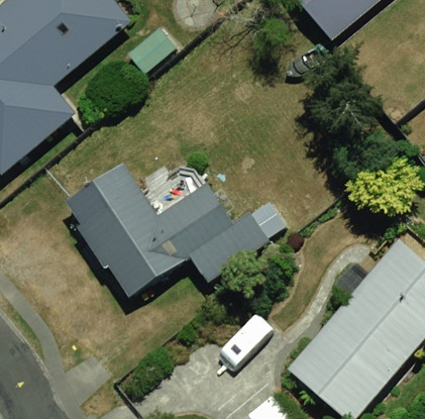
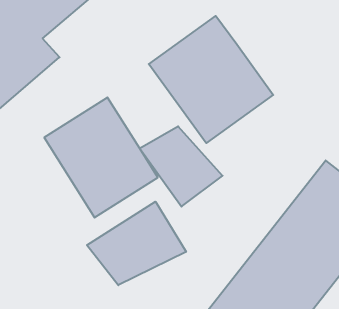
building: none -> [149,16,273,143]
building: none -> [87,202,186,285]

